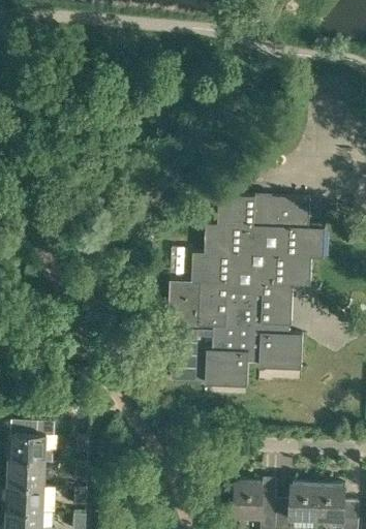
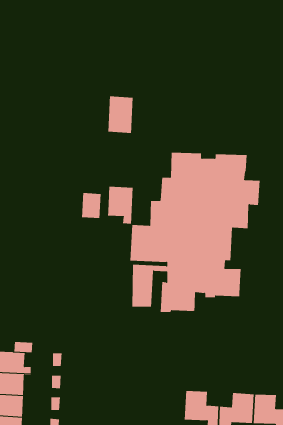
building: none -> [108,95,133,134]
building: none -> [107,186,133,225]
building: none -> [81,192,101,219]

